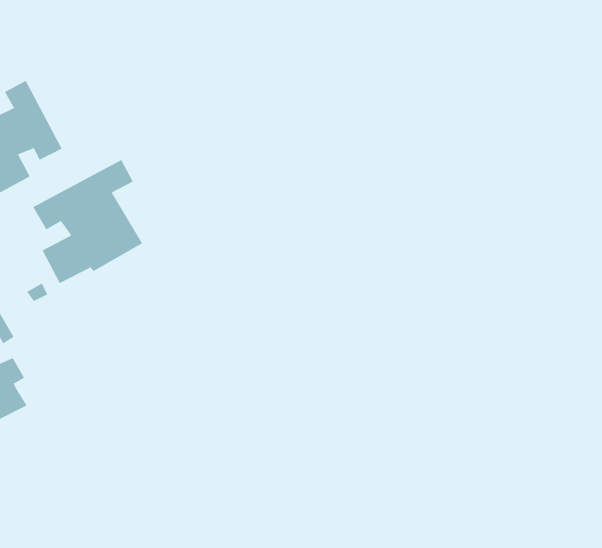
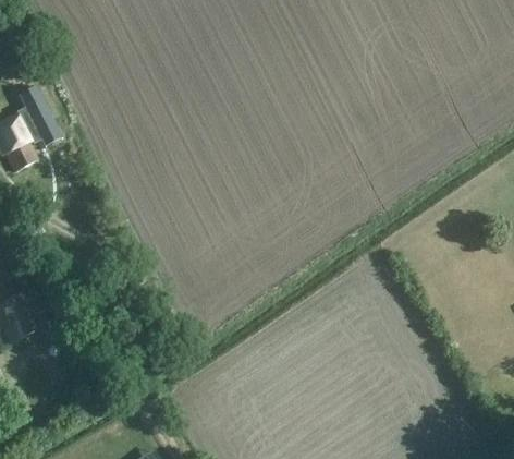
building: [33,159,143,284] -> none

